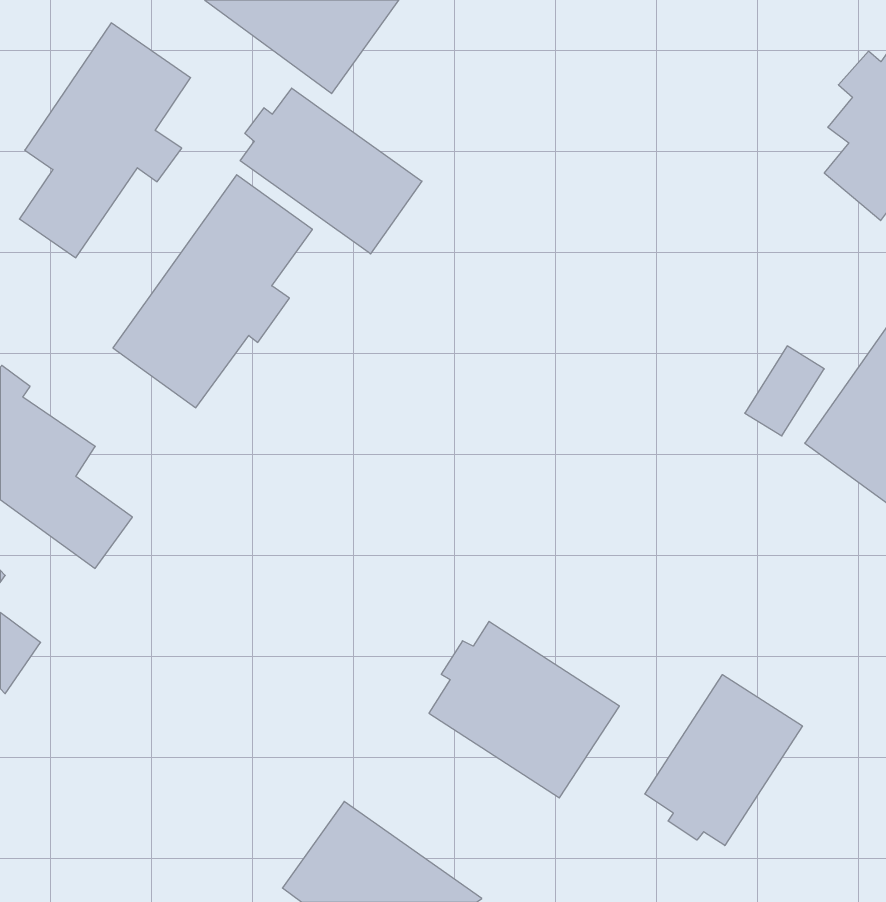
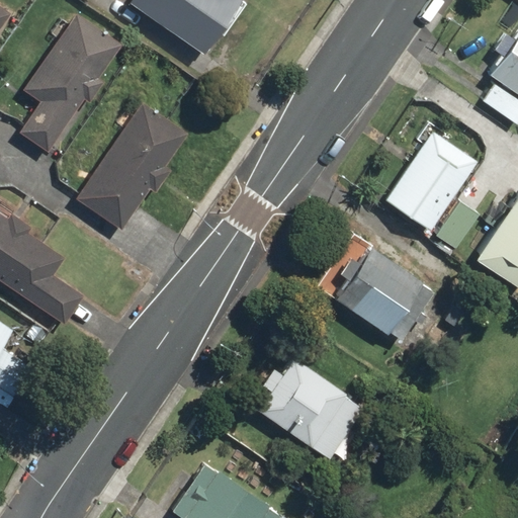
building: [240,88,422,254] -> none
building: none -> [383,130,478,232]
building: none -> [332,244,437,341]
building: [645,675,802,846] -> none

